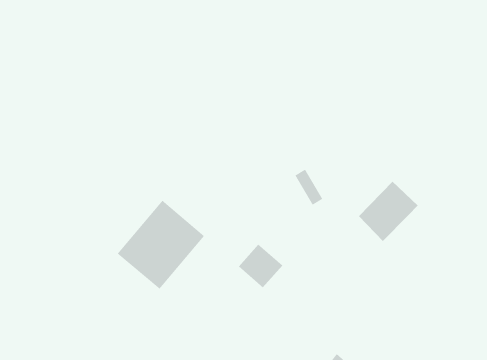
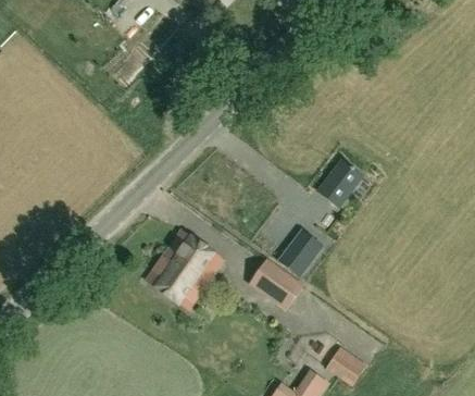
building: [358,181,419,242] -> [315,157,365,209]
building: none -> [278,230,321,275]

